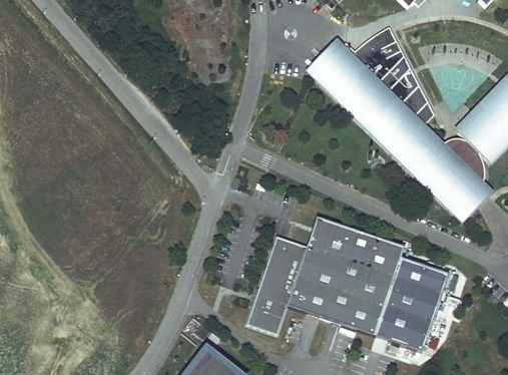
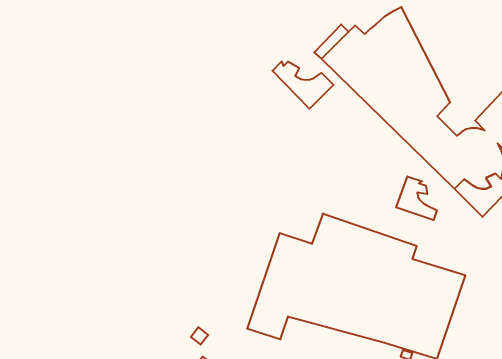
building: none -> [272,61,334,109]
building: none -> [396,176,437,220]

